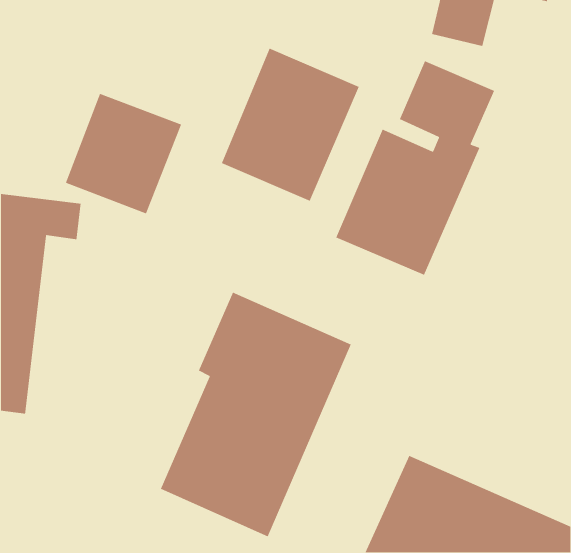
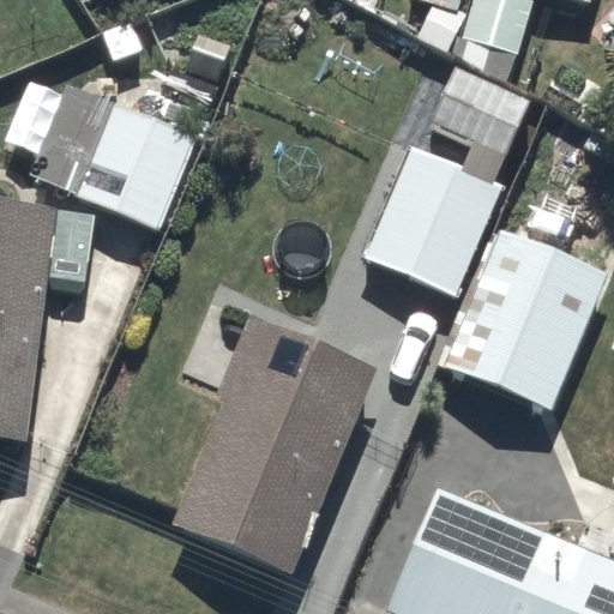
building: [221,47,360,202] -> none
building: none -> [440,228,604,409]

